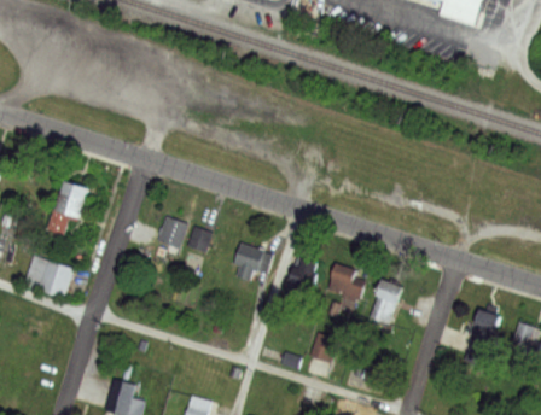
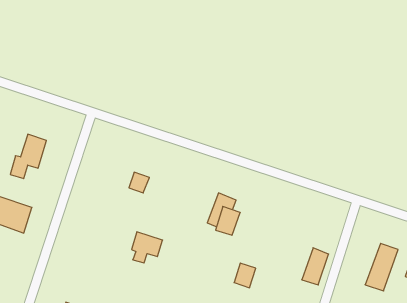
building: [157,215,186,249] -> none
building: [234,244,270,280] -> [132,232,163,263]
building: [327,265,365,303] -> none
building: [368,281,400,325] -> [302,248,329,285]

